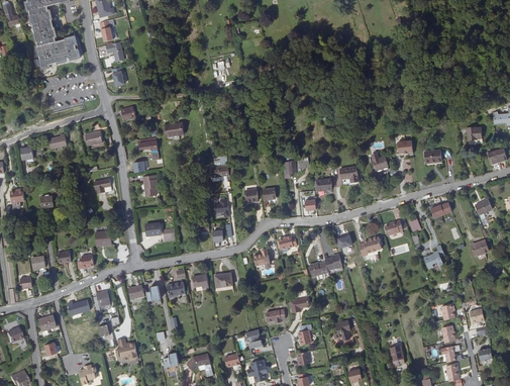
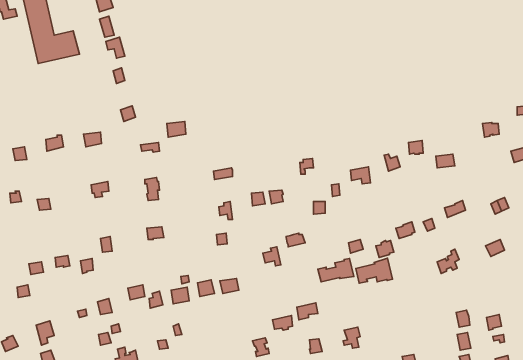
building: none -> [356,258,392,283]

